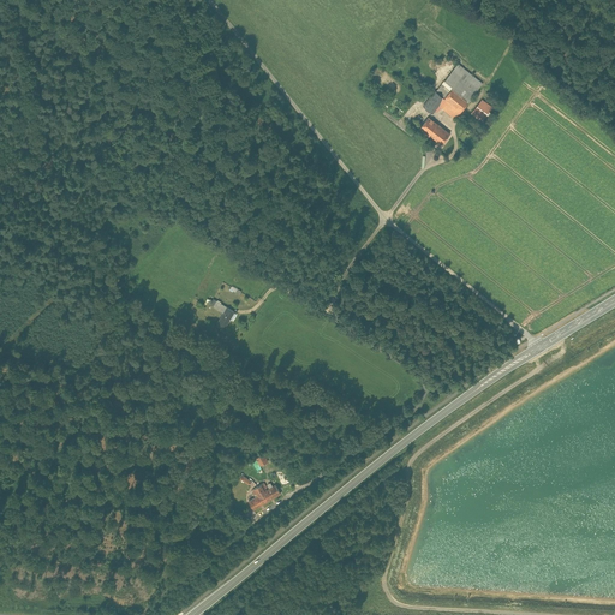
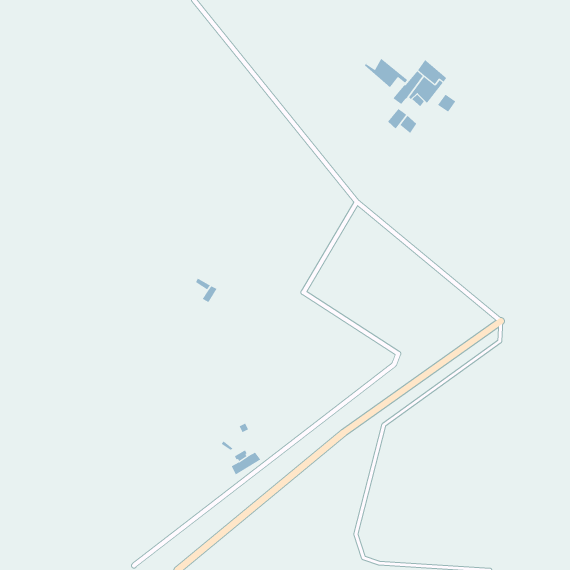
building: none -> [364,58,408,88]

